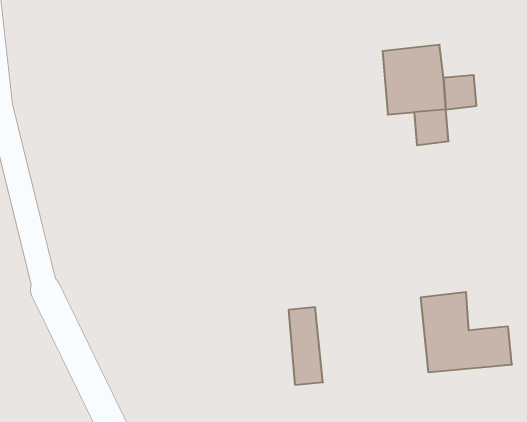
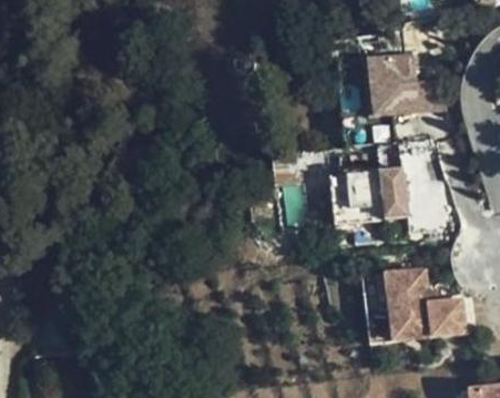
building: none -> [331,165,409,223]
building: [289,307,323,385] -> [367,273,397,340]

